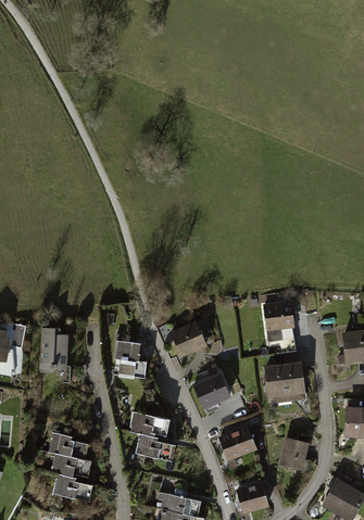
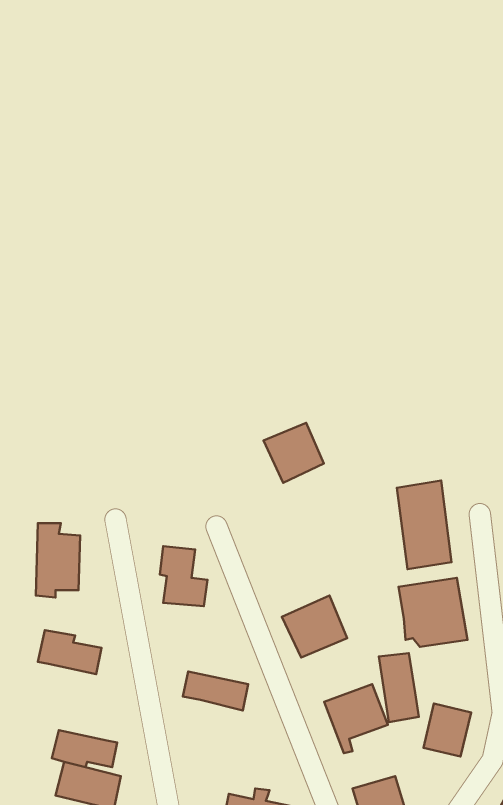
building: [168,321,205,358] -> [264,423,324,483]
building: none -> [379,653,419,722]
building: [48,433,87,460] -> [38,630,102,674]
building: [138,435,177,461] -> none

